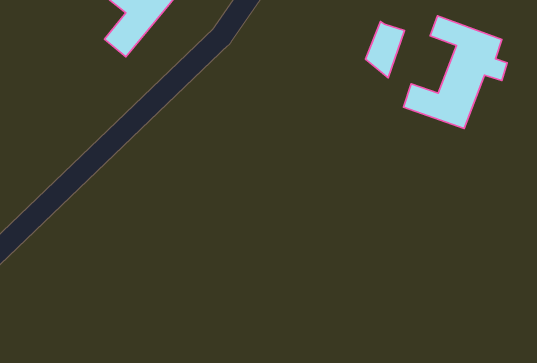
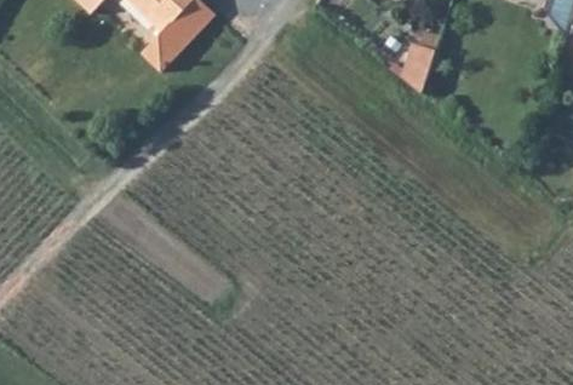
building: [404,16,507,128] -> none

